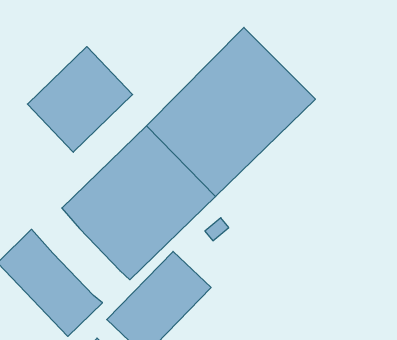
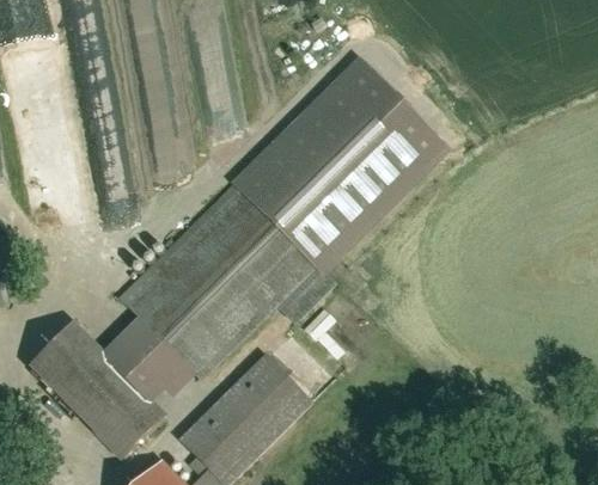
building: [27,47,133,152] -> none
building: none -> [103,319,194,410]

